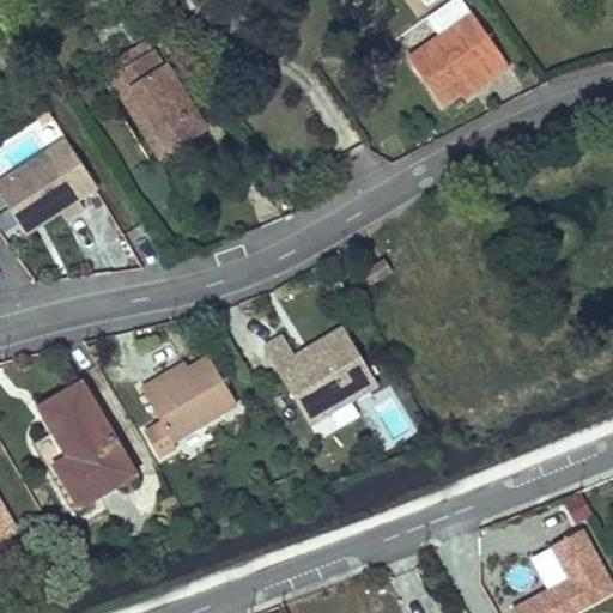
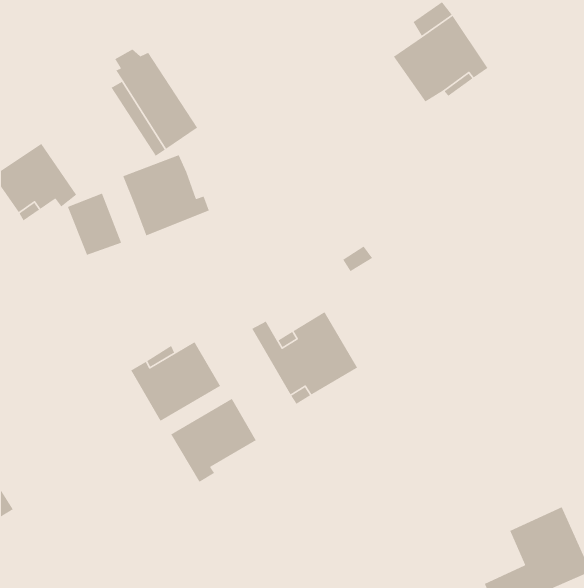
building: none -> [122,154,210,236]
building: [31,382,133,510] -> none
building: none -> [170,398,257,483]

